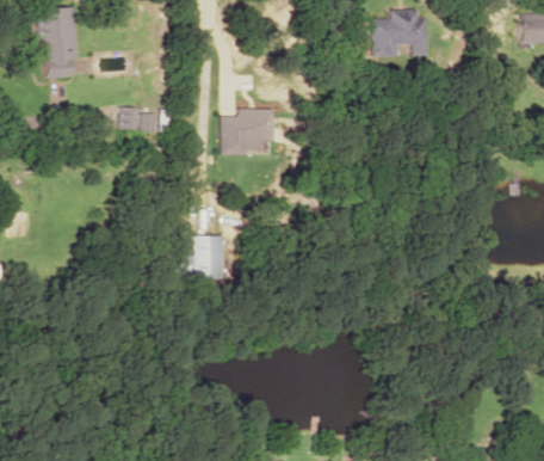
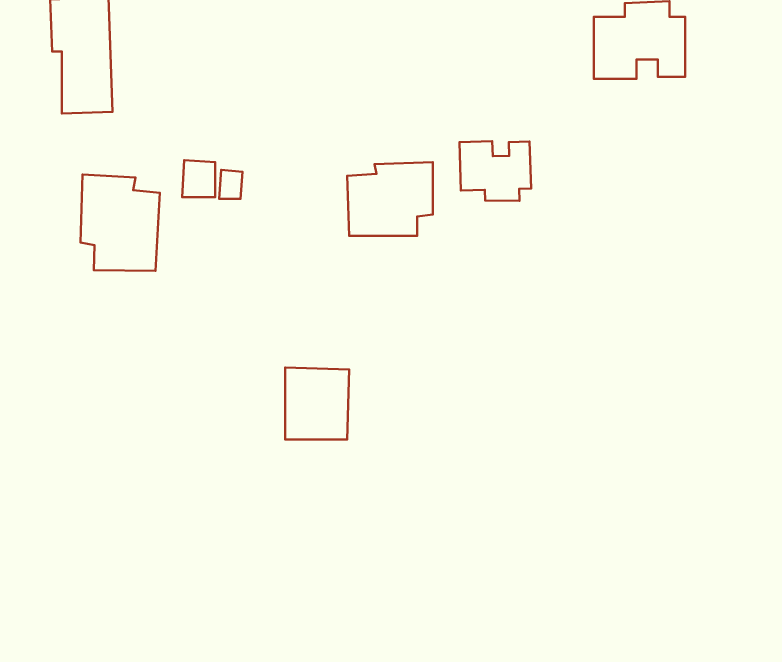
building: none -> [459,141,531,201]
building: none -> [80,175,160,271]

